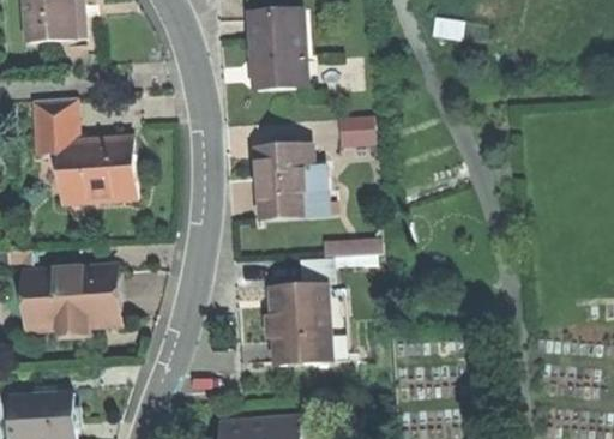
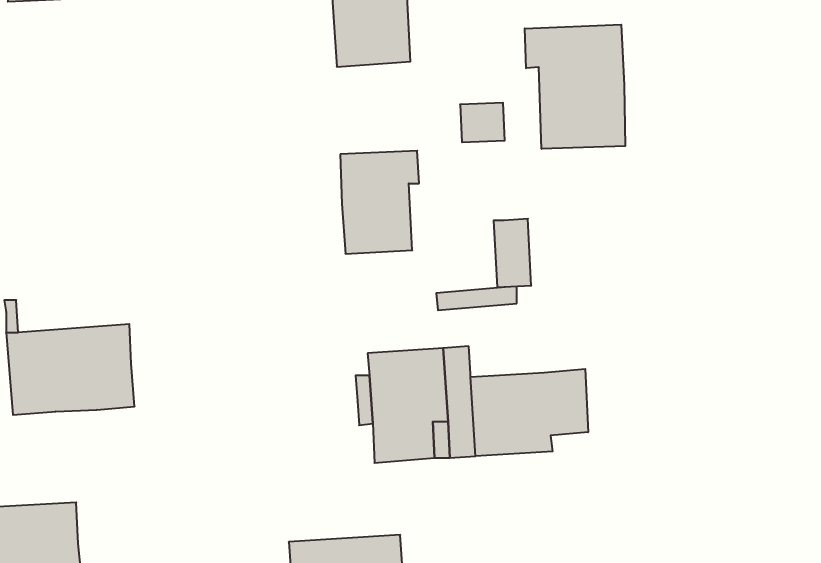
building: none -> [525,25,625,149]
building: [31,97,133,204] -> none
building: [303,167,330,215] -> [494,219,531,287]
building: none -> [471,369,588,456]

